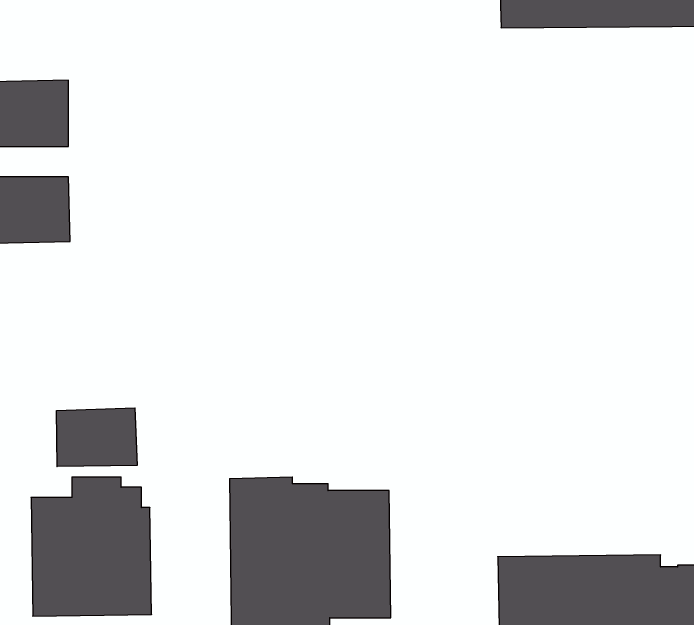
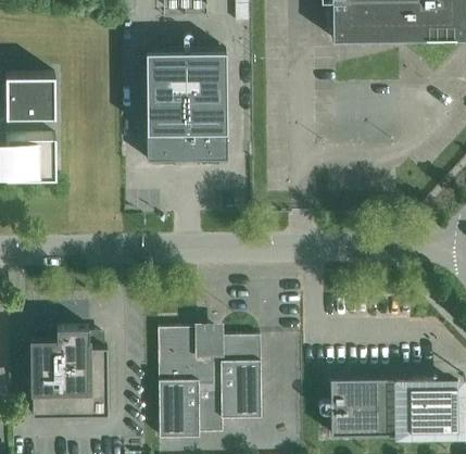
building: none -> [146,50,226,161]
building: [57,408,137,467] -> none

